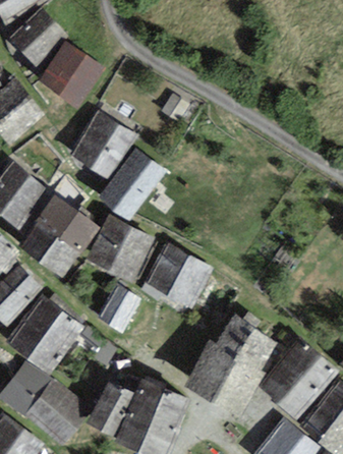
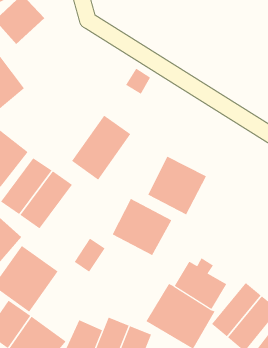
building: [37,41,105,108] -> none
building: [70,110,136,180] -> none
building: [87,215,155,283] -> [147,156,207,215]

